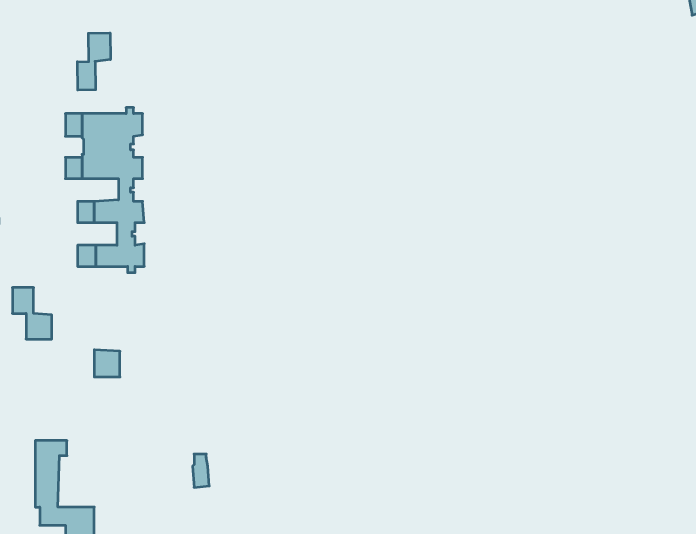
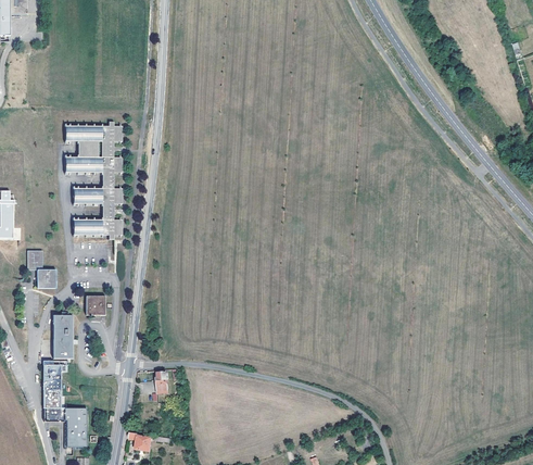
building: [77,33,110,90] -> none
building: none -> [52,314,72,357]

